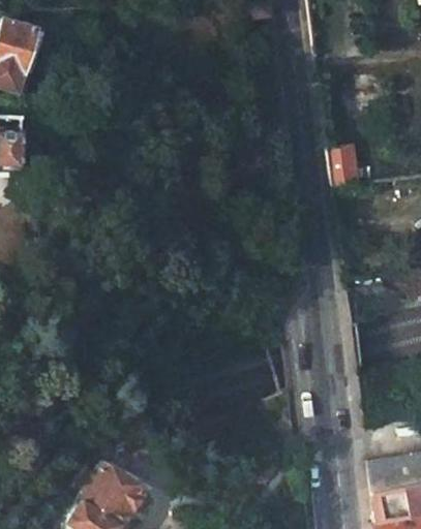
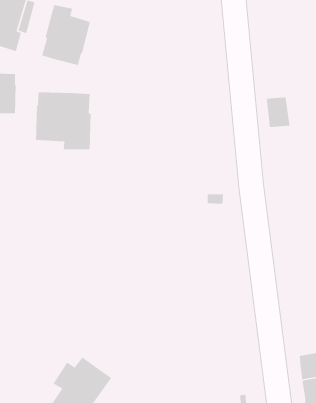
building: none -> [41,4,91,66]
building: none -> [35,92,91,150]

